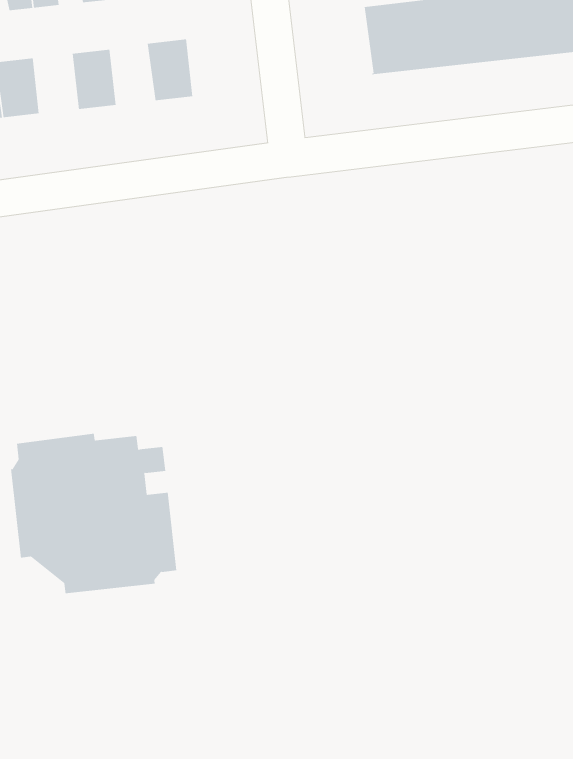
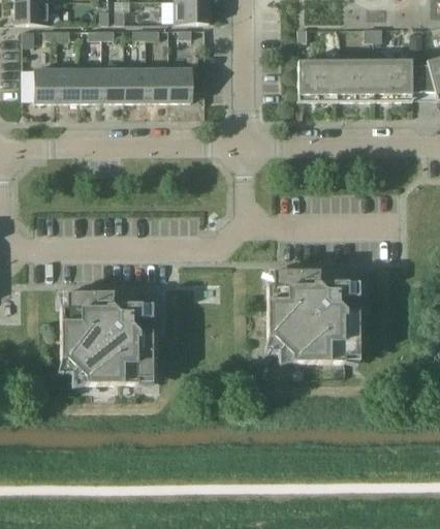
building: none -> [147,67,169,101]
building: none -> [101,68,124,101]
building: none -> [266,270,358,362]

